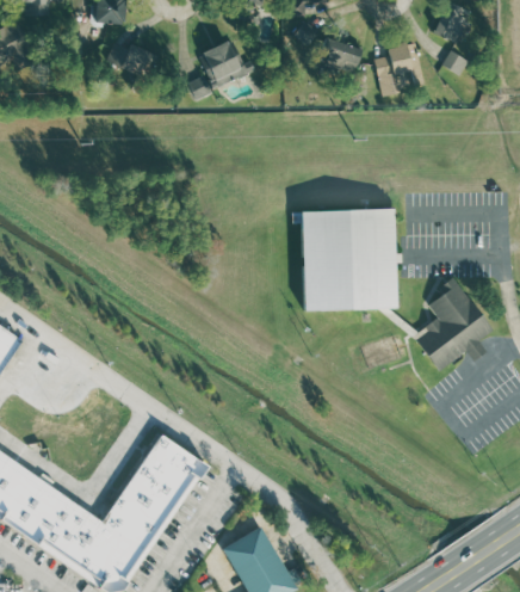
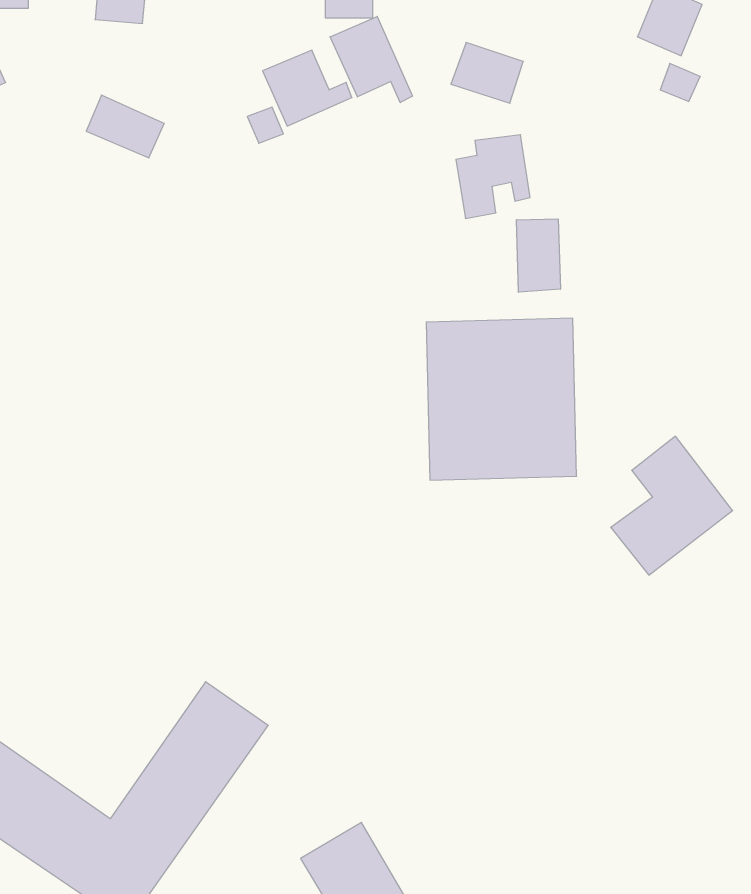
building: none -> [330,16,412,103]
building: [106,37,155,76] -> [86,95,164,158]
building: [376,41,422,93] -> [456,135,530,218]
building: none -> [517,219,560,292]

